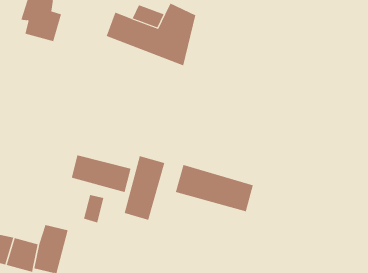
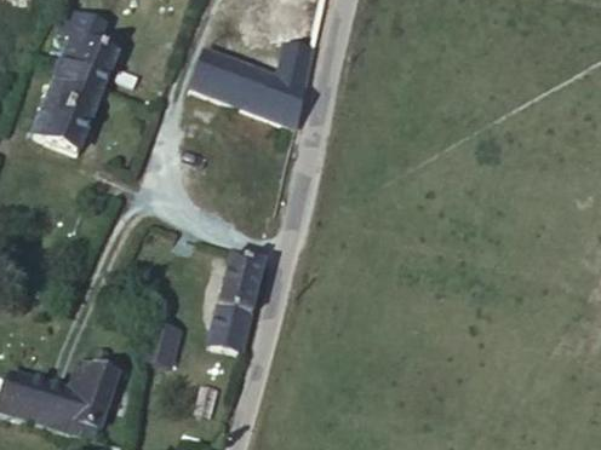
building: none -> [40,76,99,148]
building: [71,154,131,193] -> none
building: [175,164,253,212] -> none

